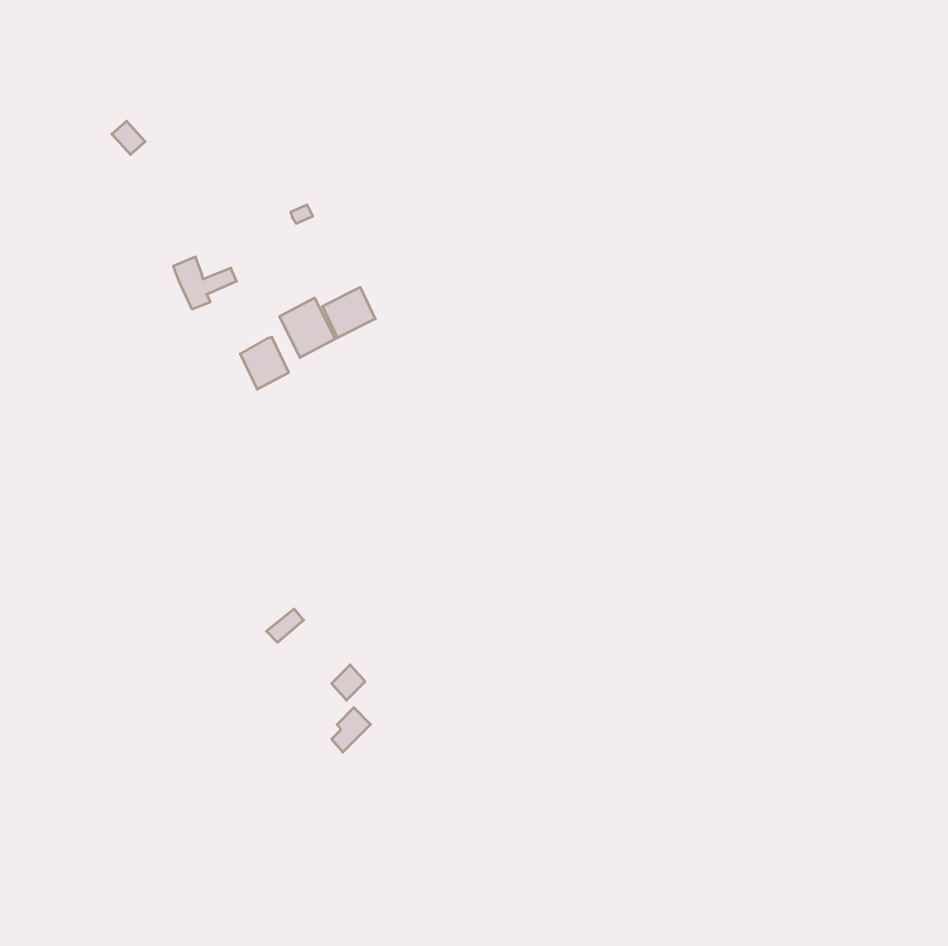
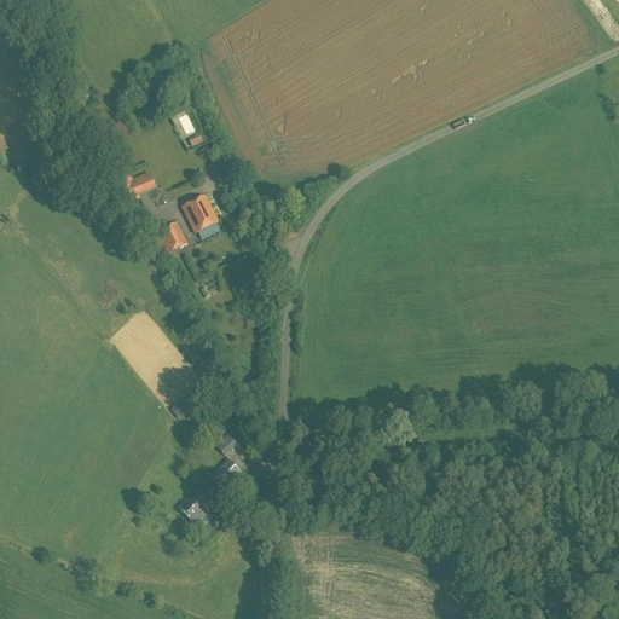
building: [322,287,375,338] -> none
building: none -> [181,487,214,522]

